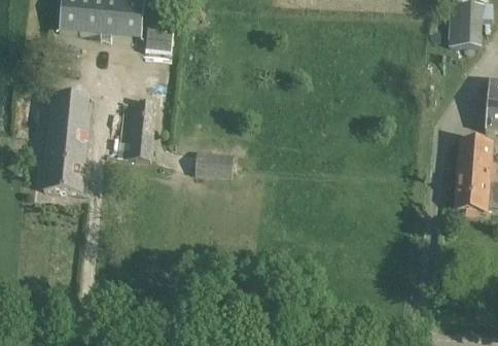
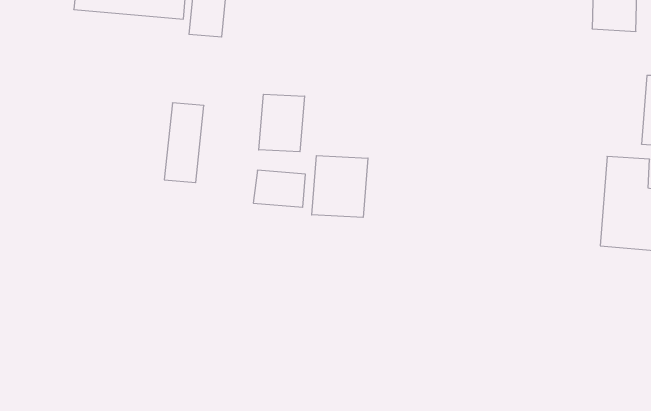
building: none -> [259,94,305,152]
building: [42,94,90,193] -> none
building: none -> [312,156,368,217]

